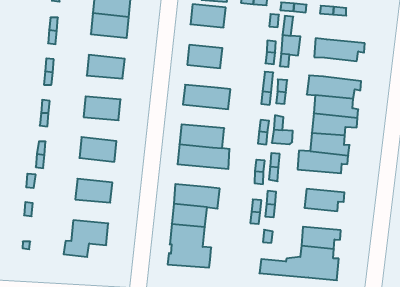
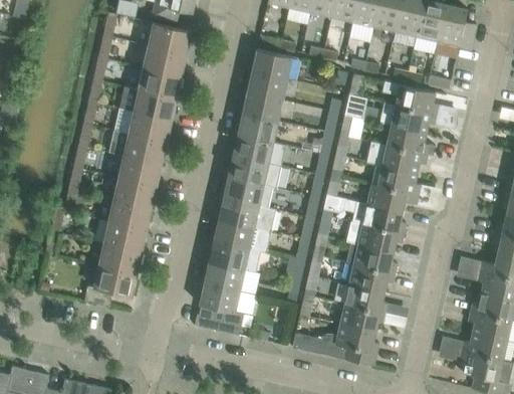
building: none -> [382,81,438,115]
building: none -> [247,70,286,101]
building: none -> [138,67,181,99]
building: none -> [387,125,435,156]
building: none -> [237,114,277,143]
building: none -> [113,109,171,142]
building: none -> [228,156,280,188]
building: none -> [118,156,161,186]
building: none -> [108,199,151,230]
building: none -> [213,219,272,252]
building: none -> [345,242,397,272]
building: none -> [98,243,141,273]
building: none -> [344,283,388,313]

